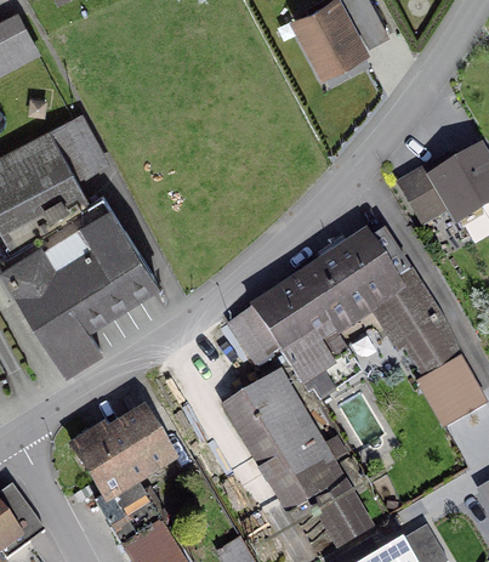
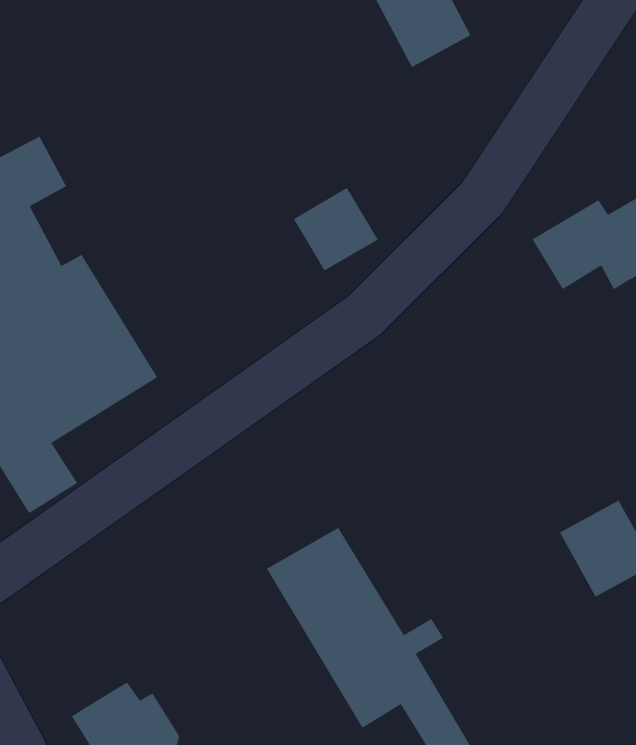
building: none -> [293,187,379,272]
building: [229,232,455,397] -> none
building: [70,415,170,496] -> none

